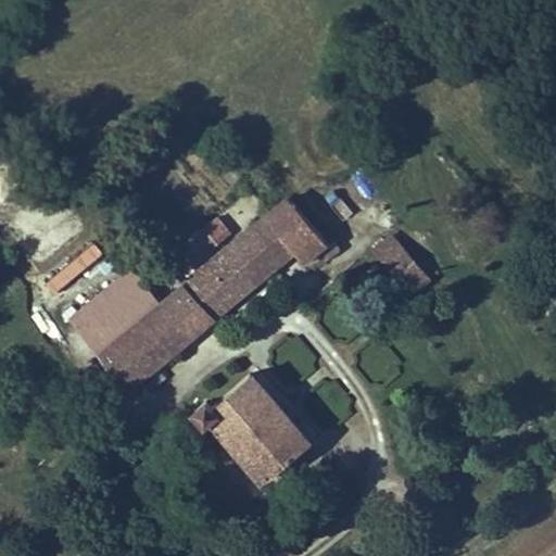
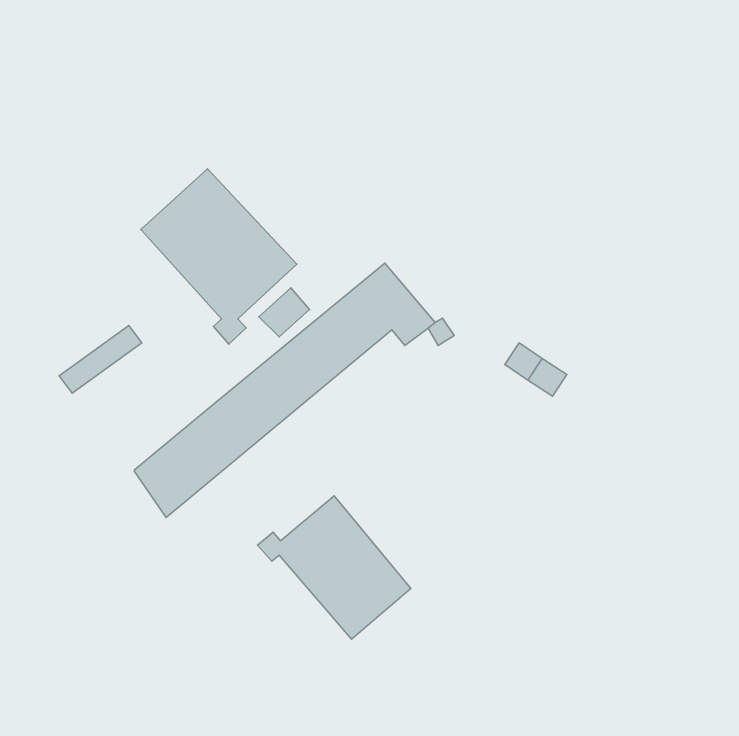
building: none -> [141,169,297,344]
building: [72,273,159,355] -> none

